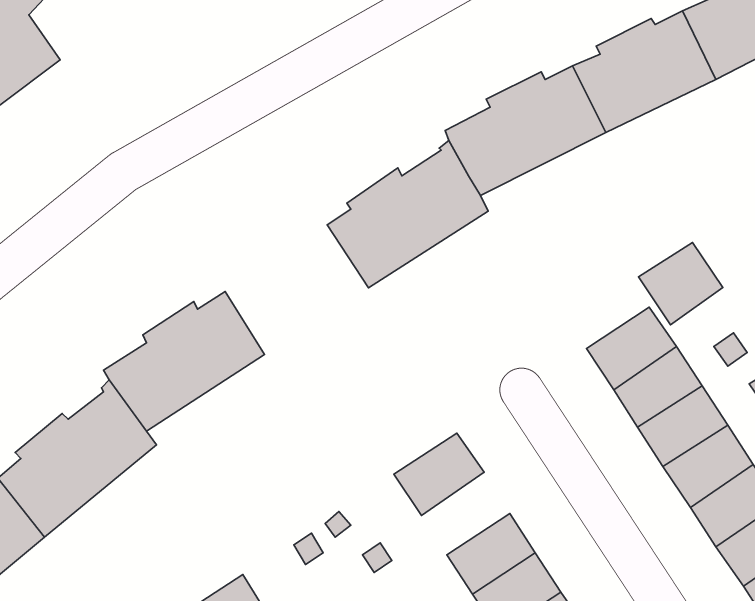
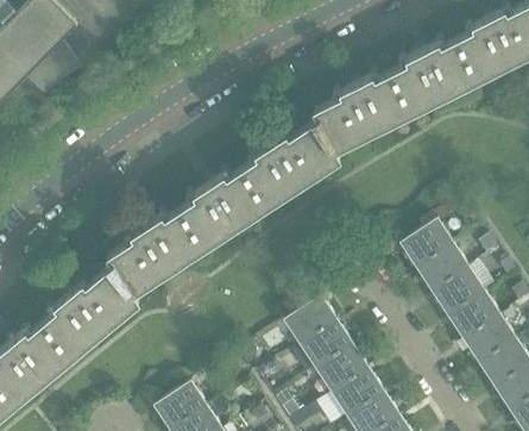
building: none -> [182,170,269,249]
building: [639,242,723,325] -> none
building: none -> [301,320,354,370]

